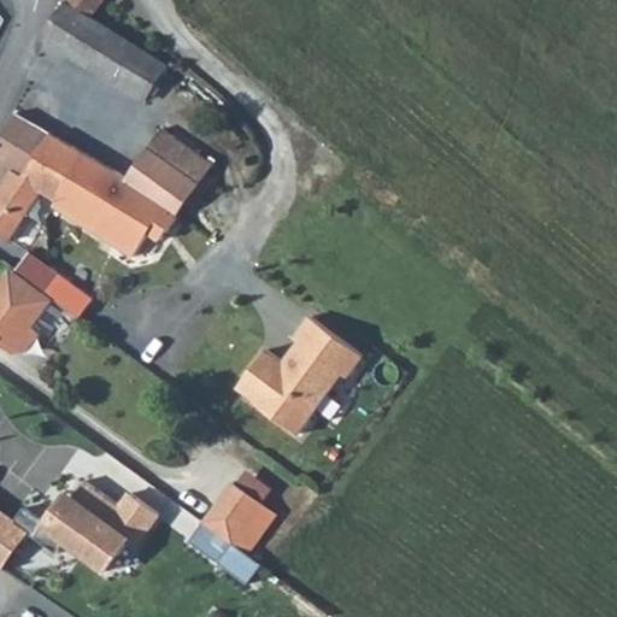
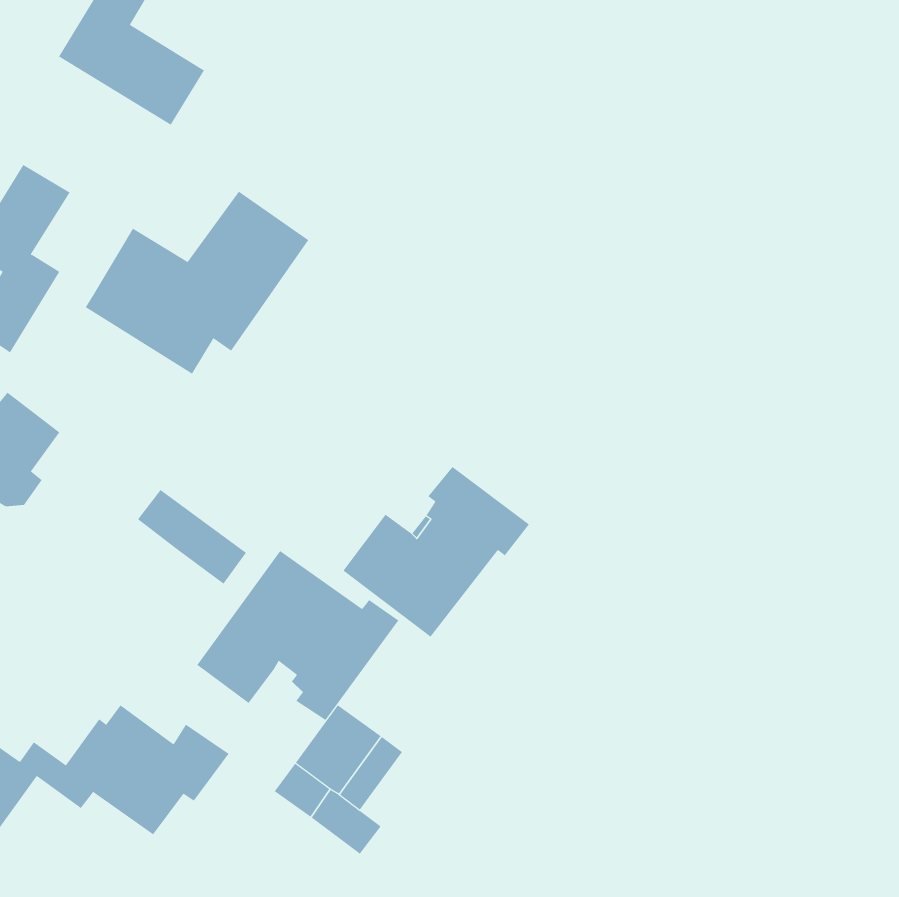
building: [117,48,171,105] -> none
building: [22,131,90,200] -> none
building: [14,254,89,319] -> [137,489,247,585]
building: none -> [197,550,399,721]

